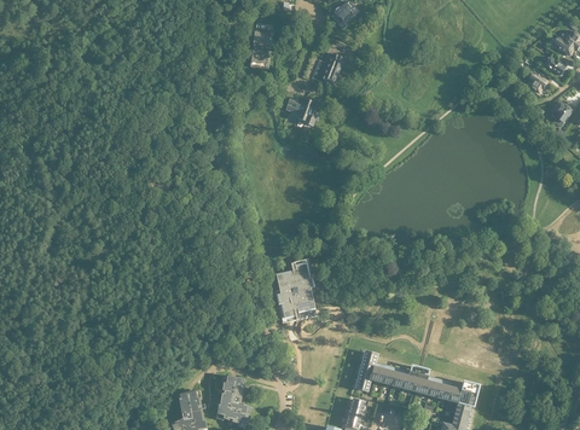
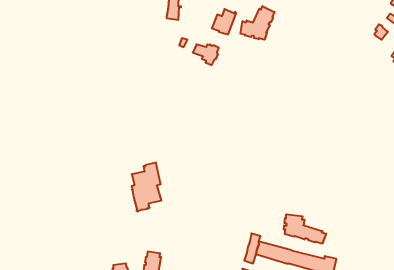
building: none -> [241,6,275,40]
building: [274,257,314,322] -> [132,163,161,211]
building: none -> [284,214,326,244]

